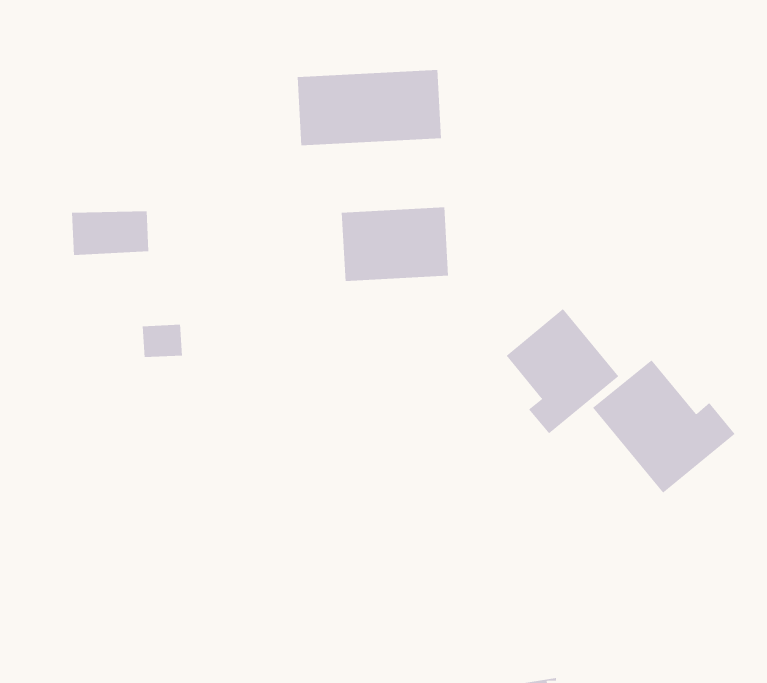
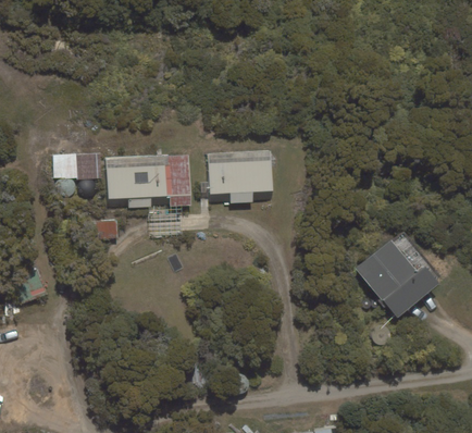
building: [297,70,442,146] -> [105,154,190,199]
building: [506,308,619,434] -> none

